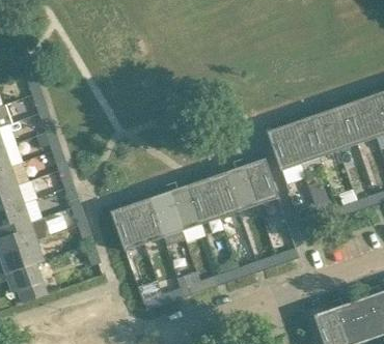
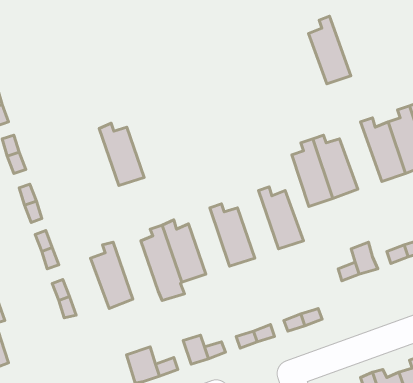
building: [305,105,338,157] -> [308,16,351,84]
building: [225,159,257,211] -> none
building: [187,172,219,224] -> none
building: [128,195,163,243] -> [99,123,144,186]

